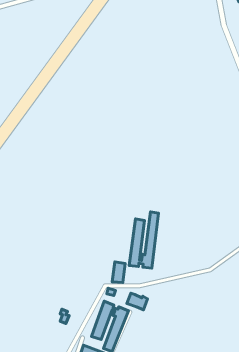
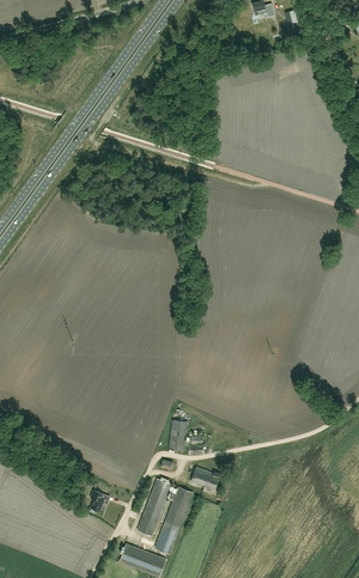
building: [129,212,159,268] -> none

